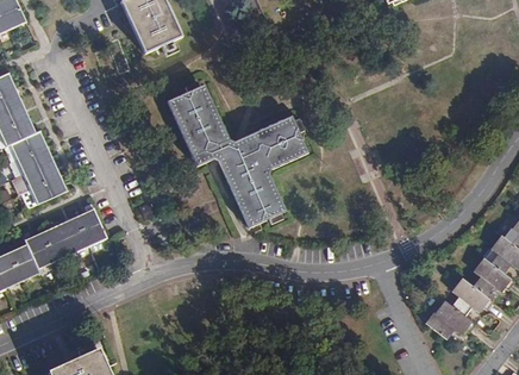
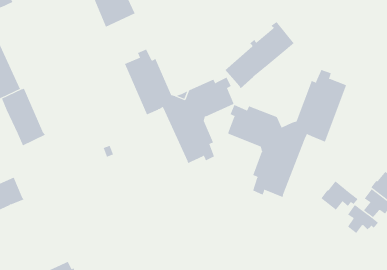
building: none -> [224,21,294,89]
building: none -> [228,69,347,198]
building: [23,204,106,269] -> none
building: [425,301,474,339] -> [320,181,359,210]

